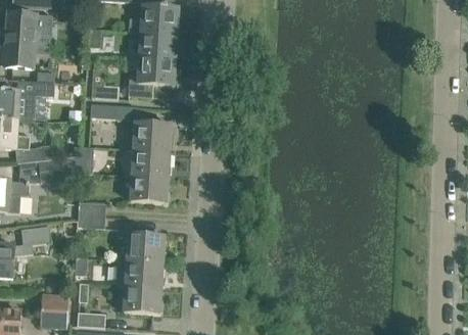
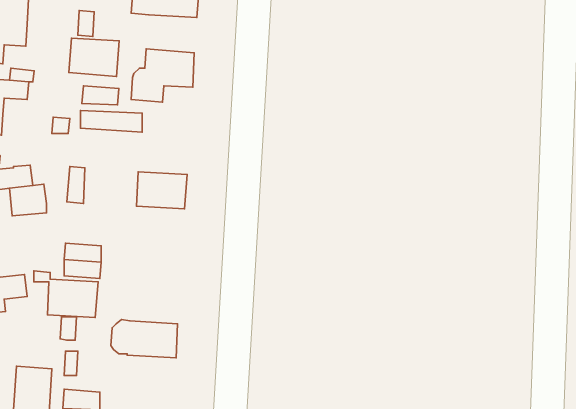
building: [139,32,177,60] -> [69,38,119,76]
building: [133,123,171,151] -> none
building: [130,175,168,203] -> none
building: [116,228,165,262] -> [34,271,98,317]
building: [124,286,161,315] -> none

